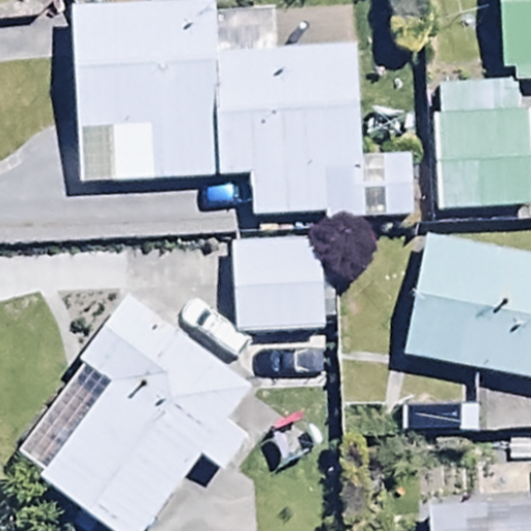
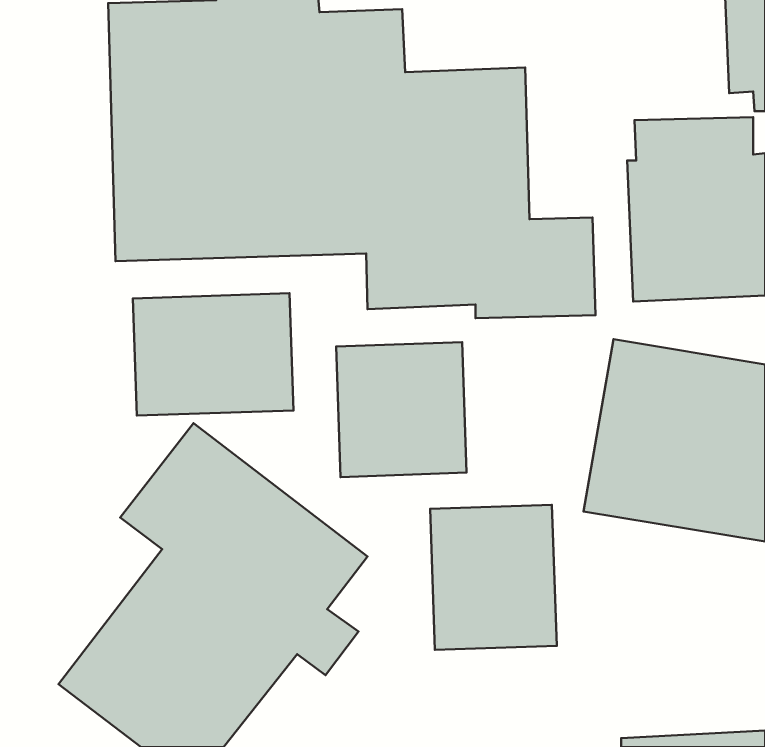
building: none -> [133,293,294,416]
building: none -> [430,505,557,650]

